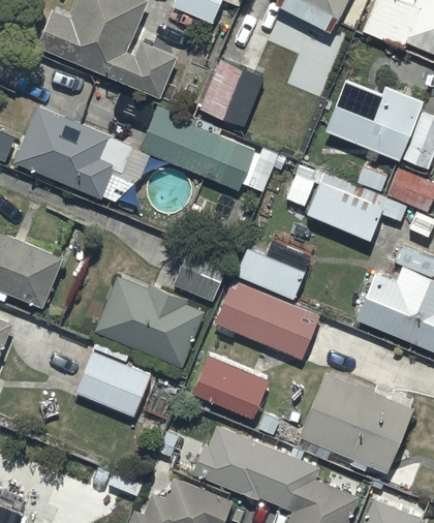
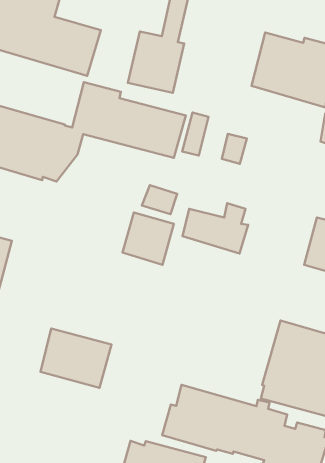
building: [307,166,388,240] -> none
building: [95,276,204,368] -> none
building: [215,281,320,361] -> none
building: [193,356,268,417] -> none

